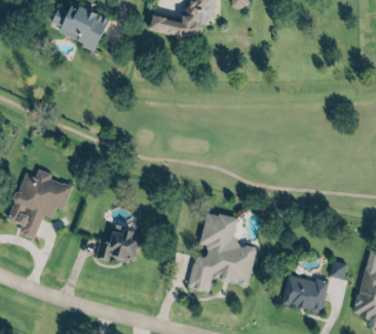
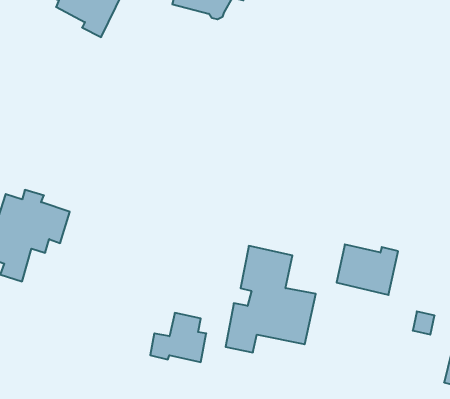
building: [97,225,139,262] -> [150,313,206,362]
building: [279,275,326,313] -> [337,244,398,295]

